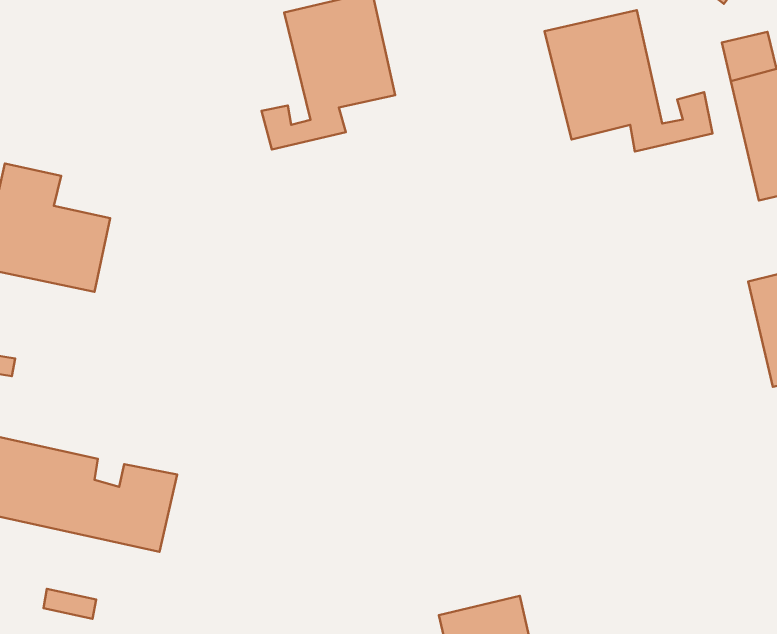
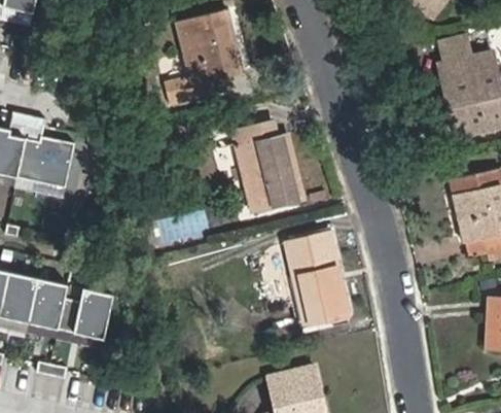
building: [545,10,712,151] -> none
building: none -> [231,123,303,213]
building: none -> [286,234,349,326]

